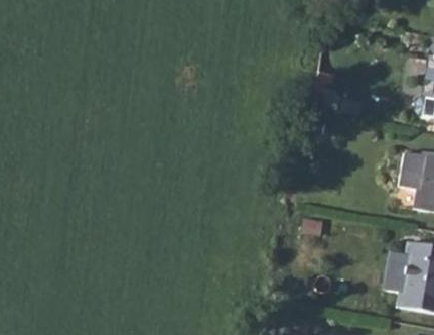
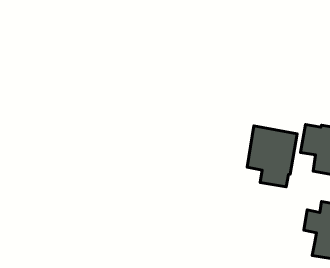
building: none -> [247,126,297,187]

